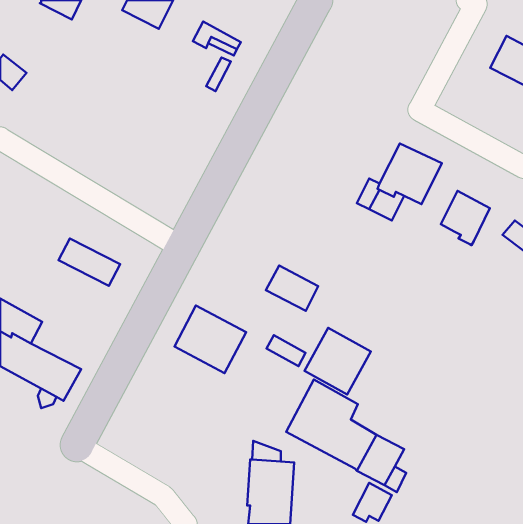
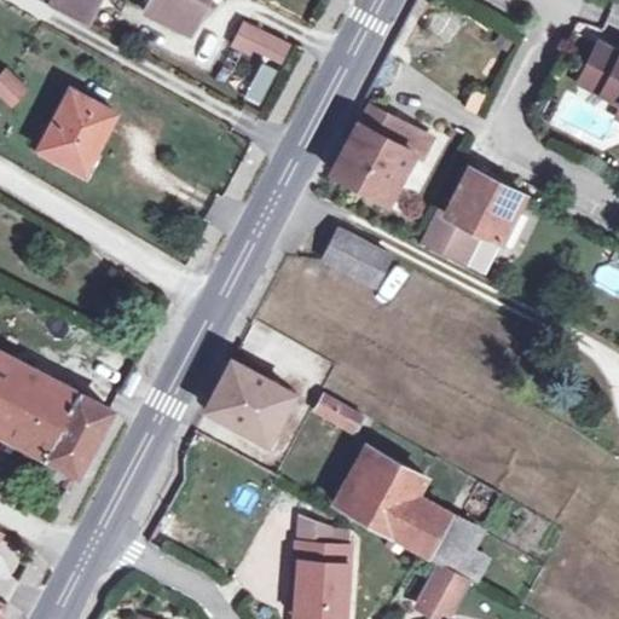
building: none -> [39,91,114,173]
building: none -> [330,104,429,201]
building: [441,191,490,245] -> none
building: [58,239,120,286] -> [37,380,110,435]
building: [266,266,318,311] -> [325,230,387,283]
building: [304,328,371,395] -> none

